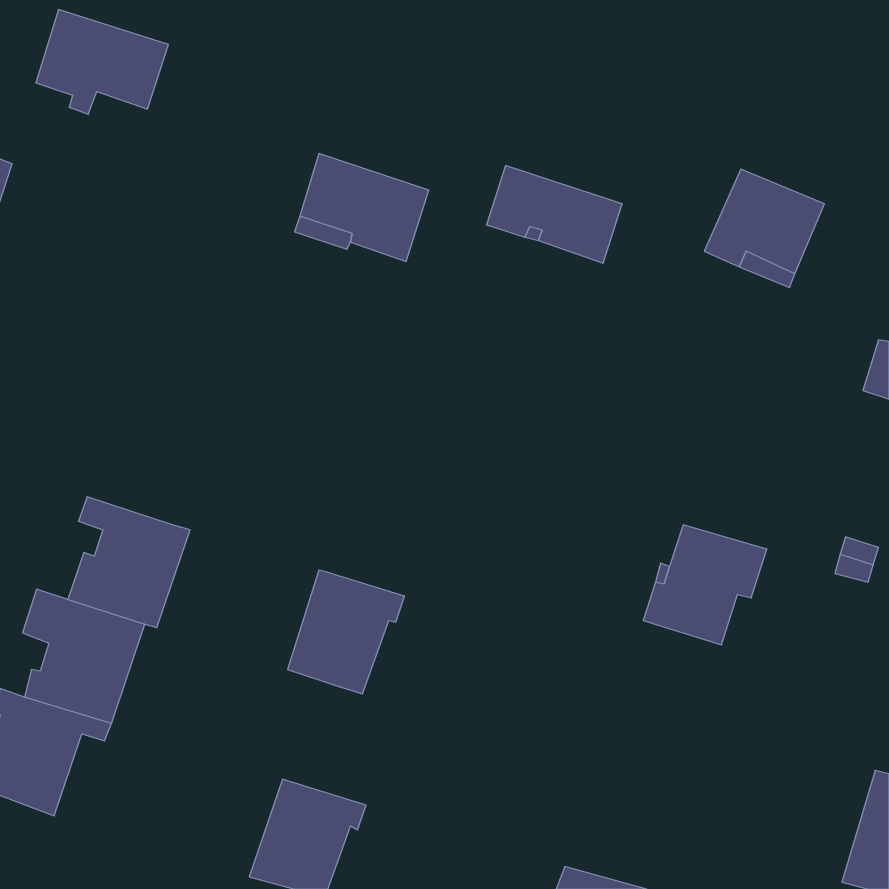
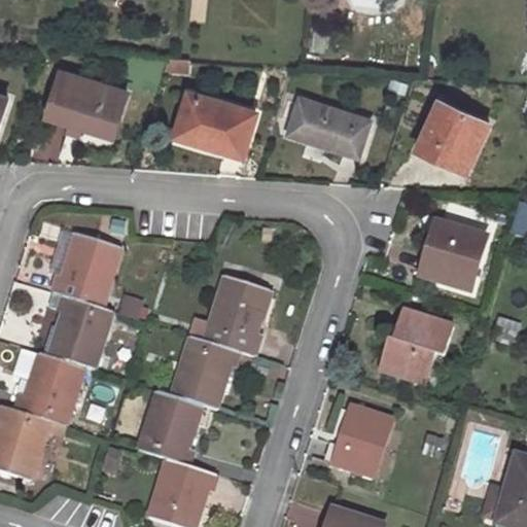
building: [36,10,168,114] -> [47,70,126,132]
building: none -> [424,222,486,291]
building: none -> [51,235,120,310]
building: none -> [192,276,269,357]
building: none -> [136,391,201,466]
building: none -> [329,407,391,475]

